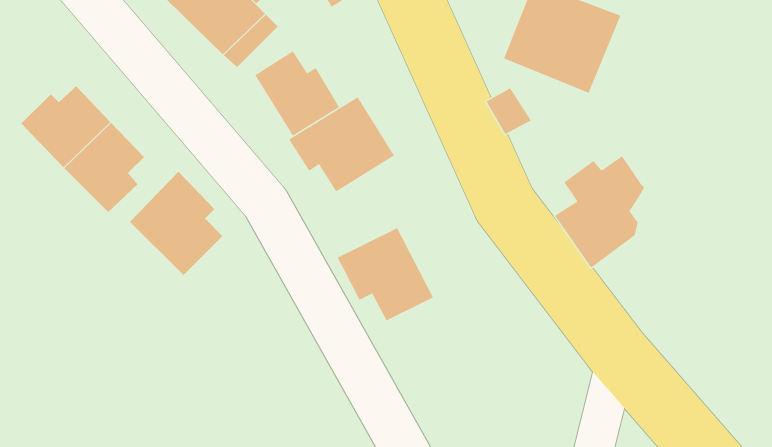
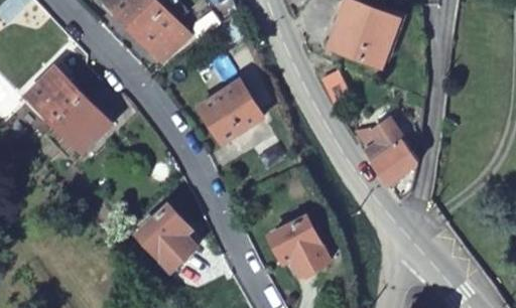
building: [255,51,340,137] -> none
building: [129,171,223,276] -> [136,205,196,272]
building: [337,227,434,321] -> [267,215,329,275]

